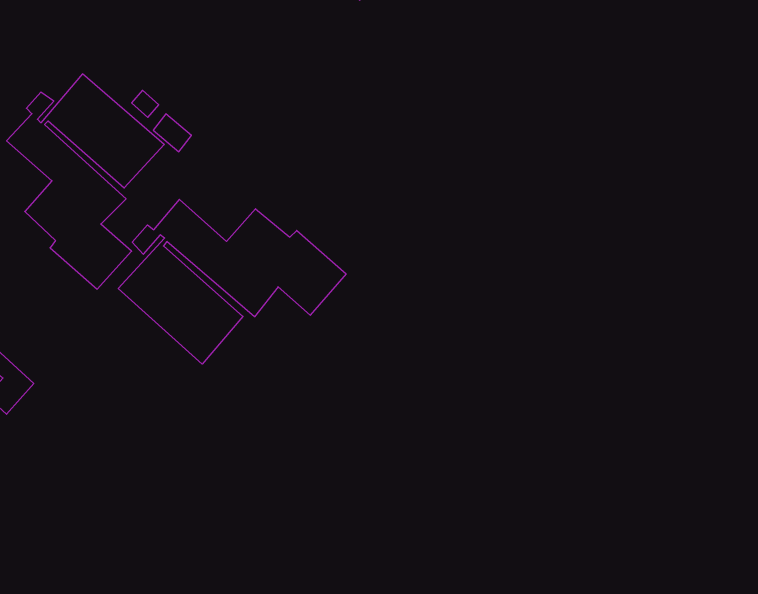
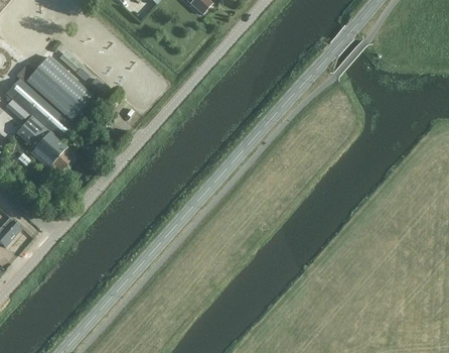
building: [118,199,346,364] -> none

